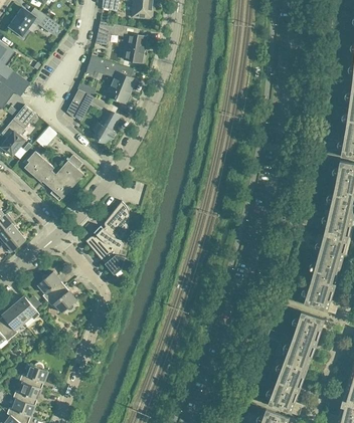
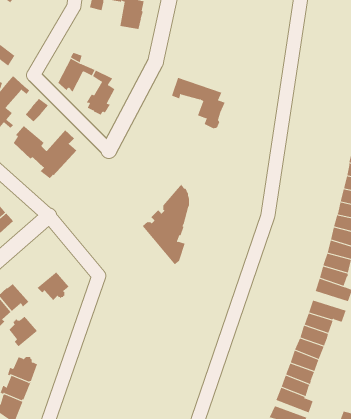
building: [85,55,136,103] -> [171,77,226,130]
building: [85,201,130,276] -> [142,183,190,265]
building: [38,271,65,300] -> [8,316,38,347]

